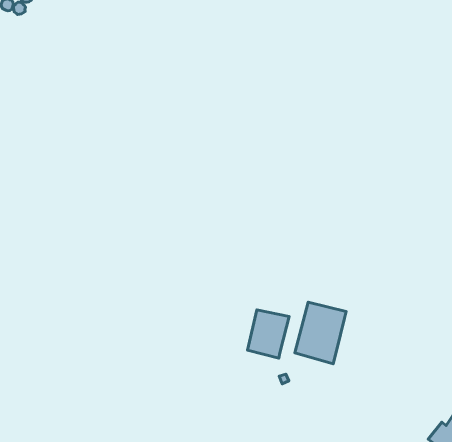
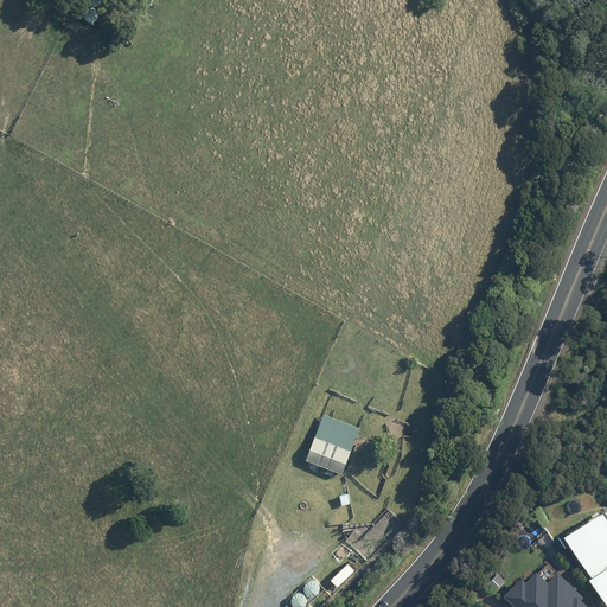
building: [295,302,346,364] -> none

